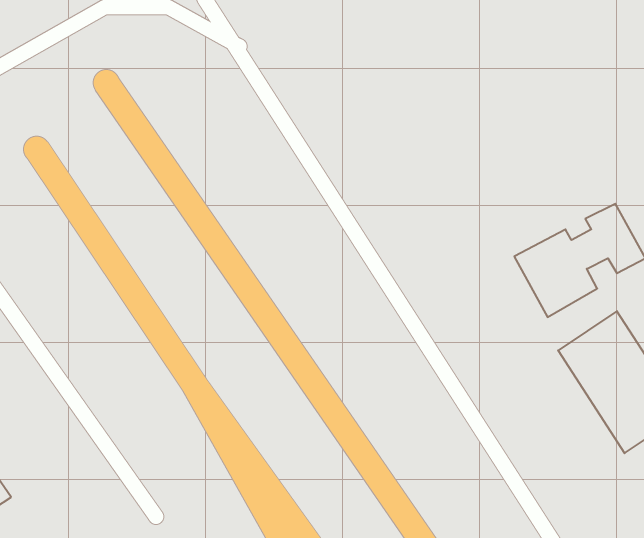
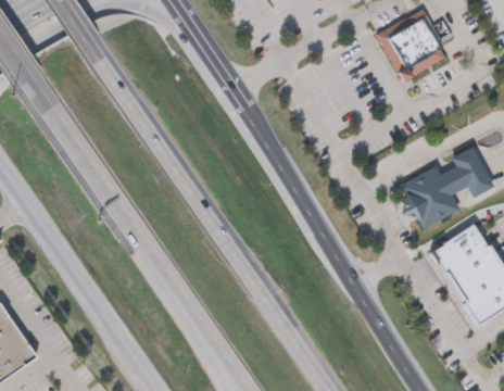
building: none -> [376,8,446,79]

